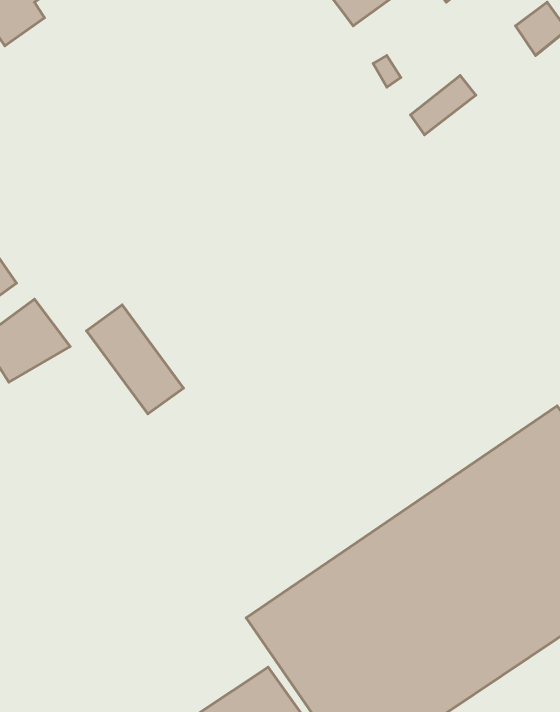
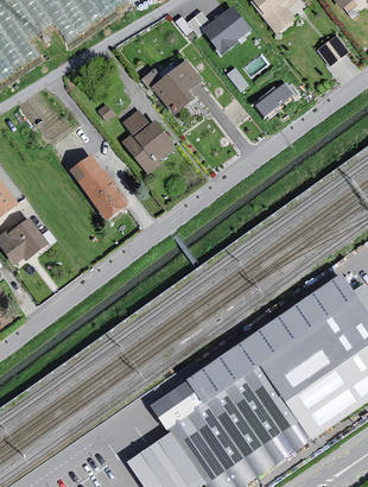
building: none -> [140,57,202,116]
building: none -> [120,109,176,172]
building: [86,305,184,414] -> [69,154,127,220]

